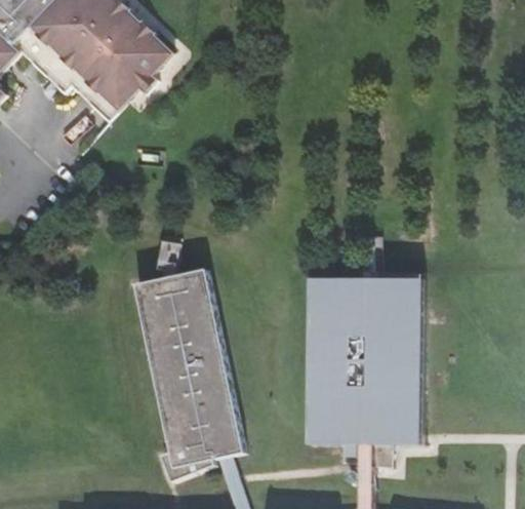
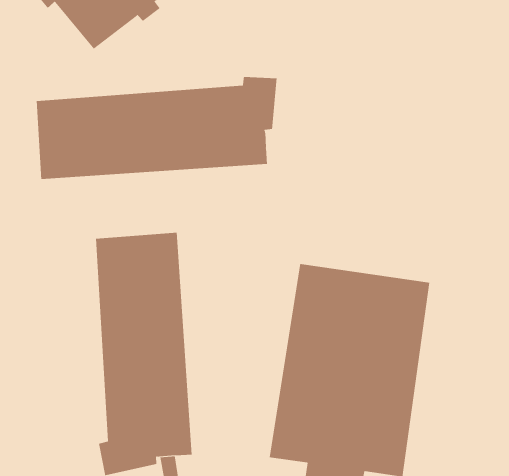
building: none -> [36,76,277,180]

